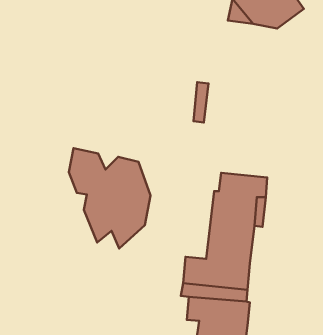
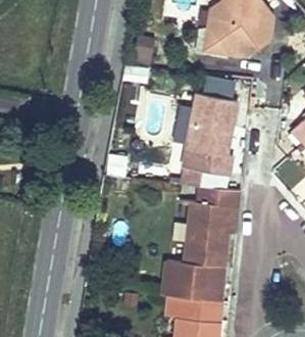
building: none -> [182,94,237,187]
building: [69,148,150,248] -> none

